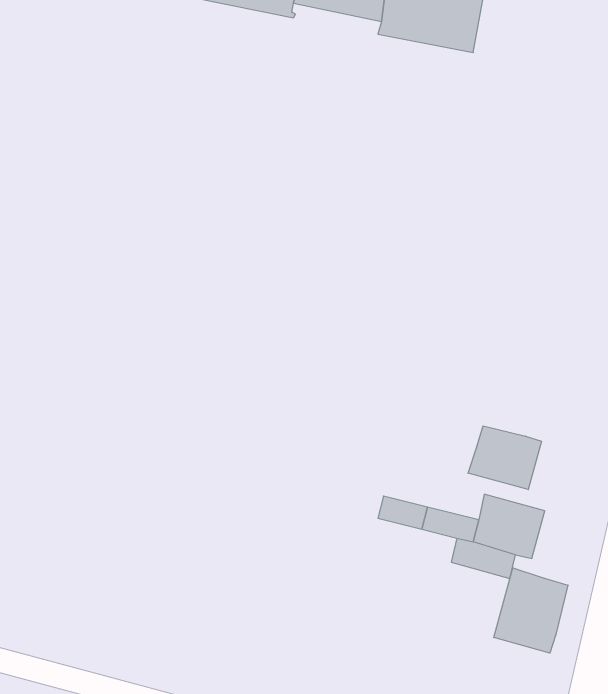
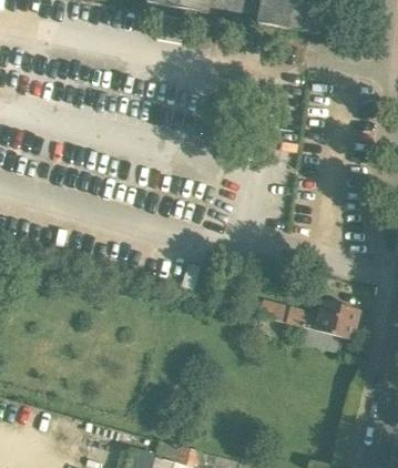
building: [468,426,542,490] -> none
building: [494,568,568,653] -> none

